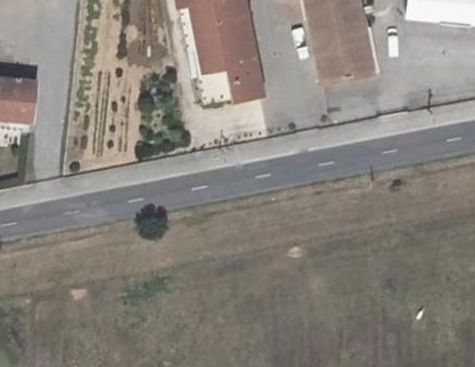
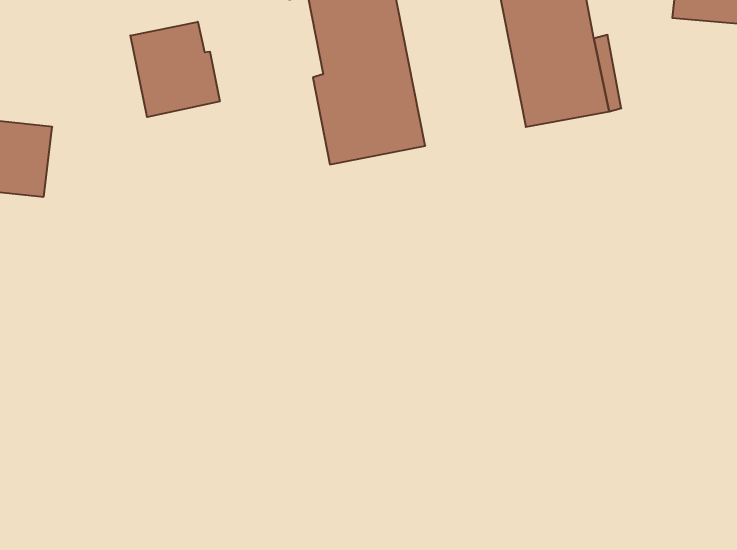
building: none -> [130,22,220,117]

